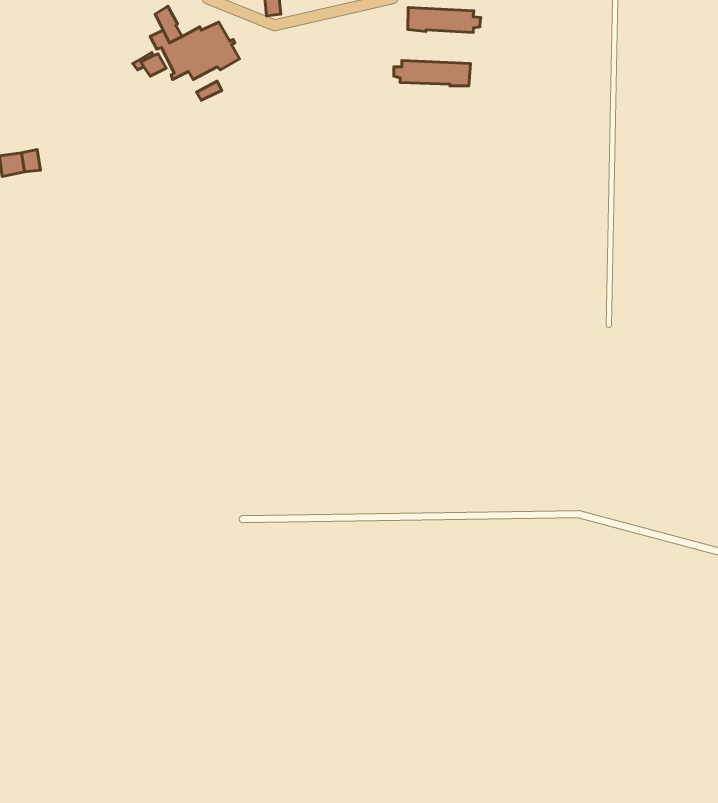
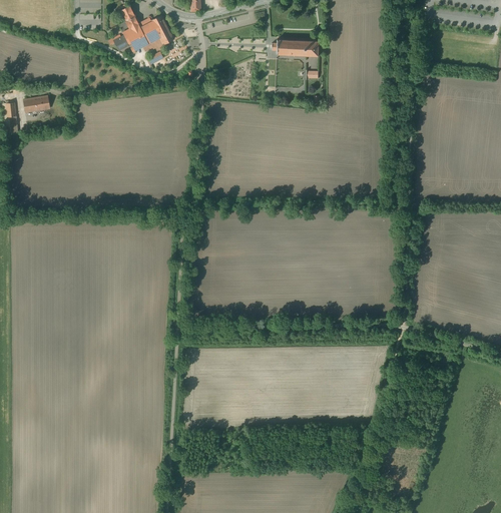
building: [408,8,481,33] -> none

